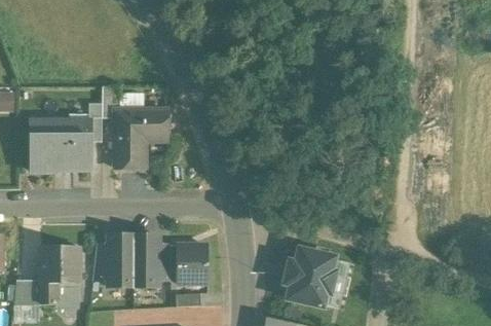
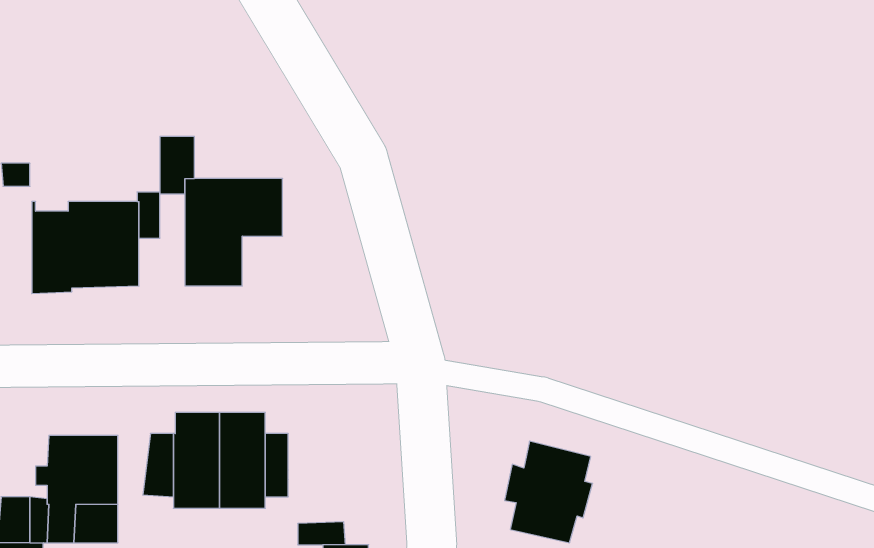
building: [176,245,207,283] -> none

